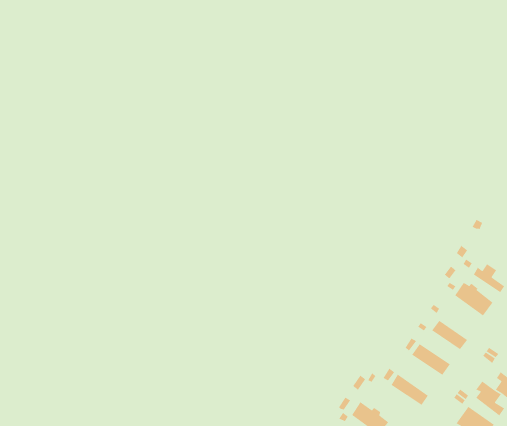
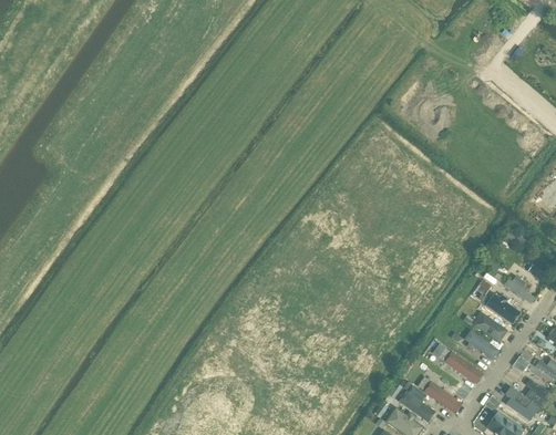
building: none -> [473,311,506,342]
building: none -> [397,385,434,422]

